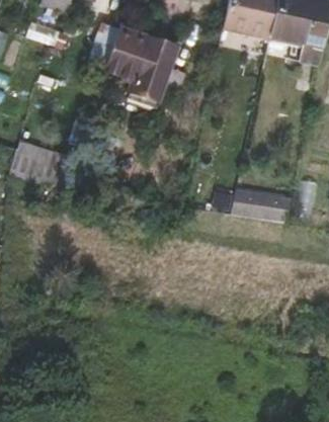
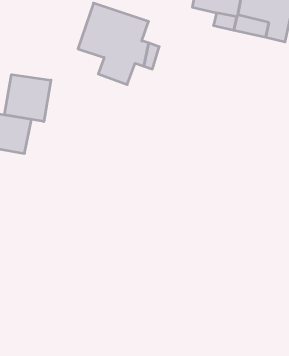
building: none -> [5,75,51,122]
building: [231,190,290,223] -> none

